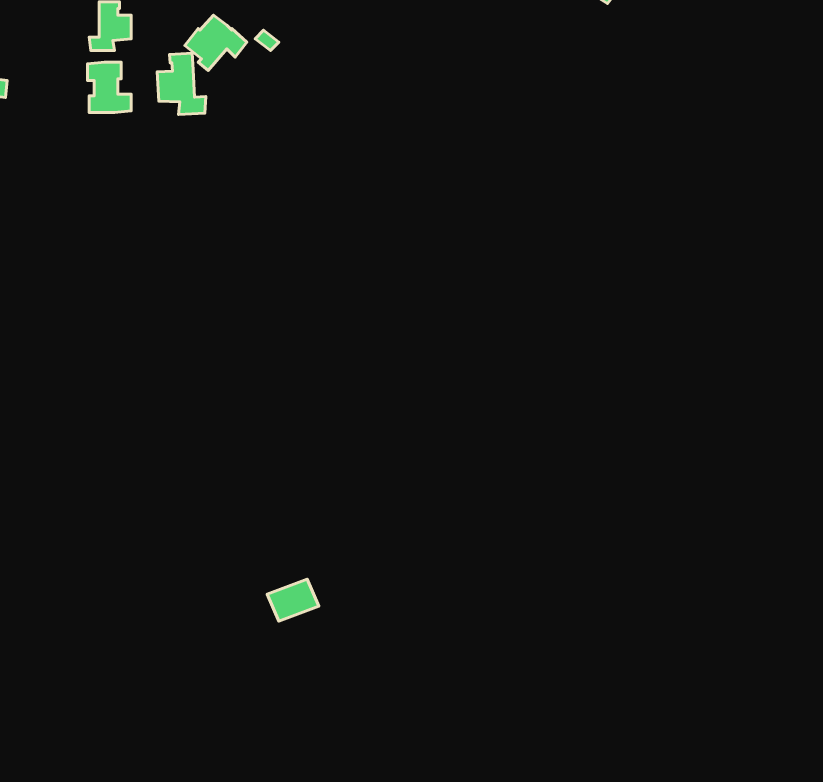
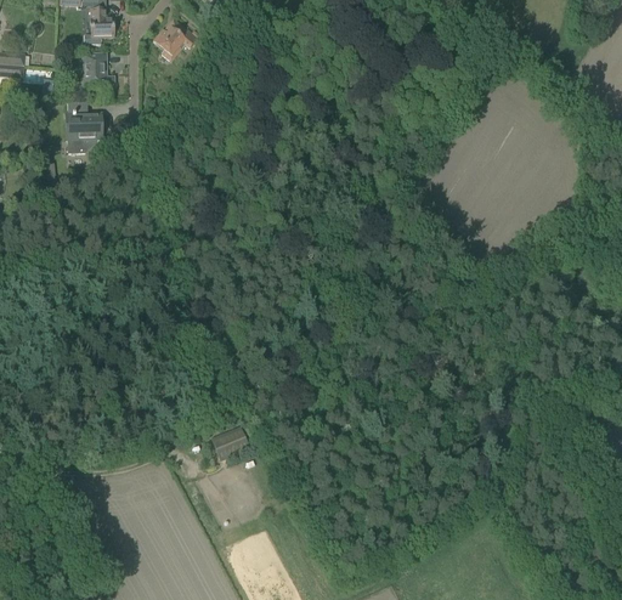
building: [157,53,206,115] -> none
building: none -> [66,112,103,149]

